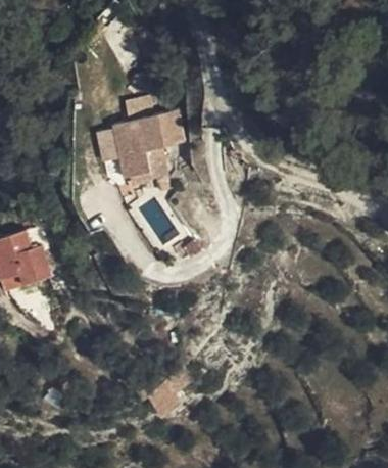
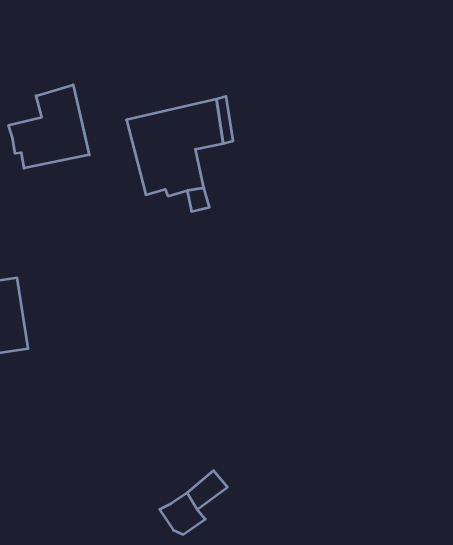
building: none -> [9,85,89,168]

